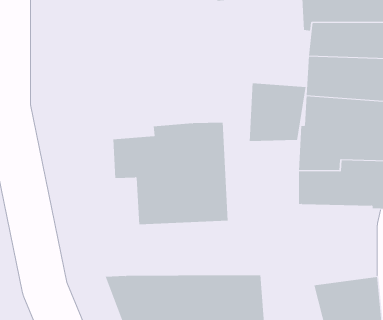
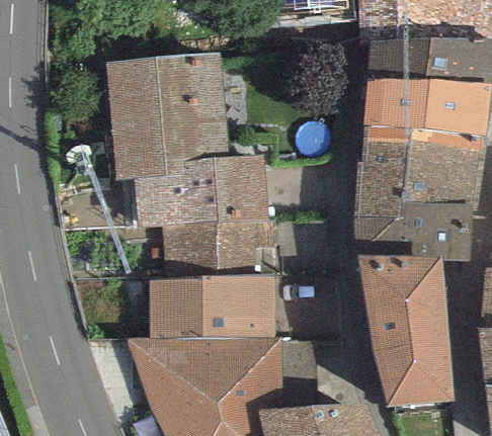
building: none -> [106,54,230,180]
building: [249,82,306,142] -> none
building: none -> [358,255,448,350]
building: none -> [150,274,275,339]

